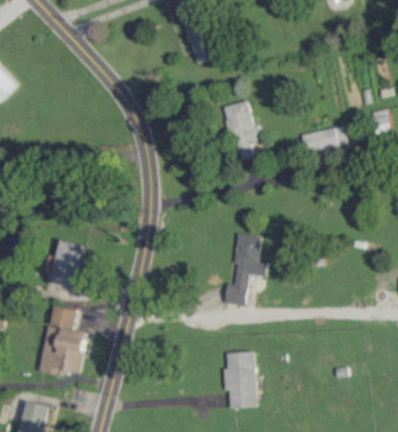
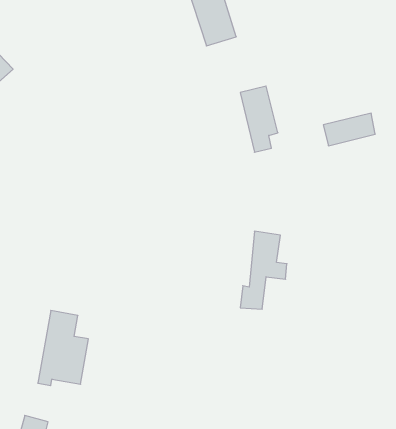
building: [48,239,83,290] -> none
building: [225,351,255,408] -> none

